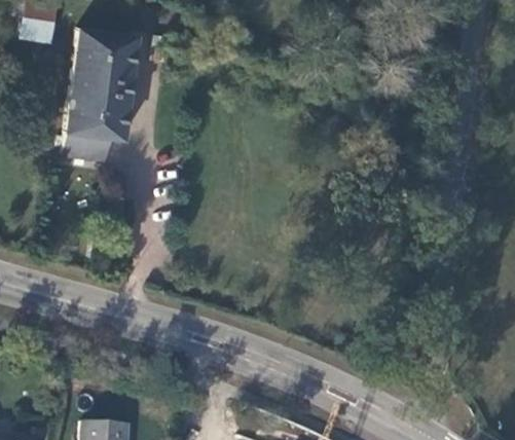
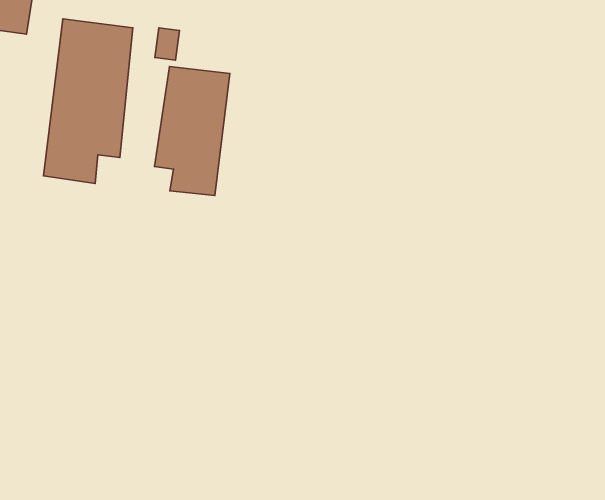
building: none -> [154,66,230,196]

